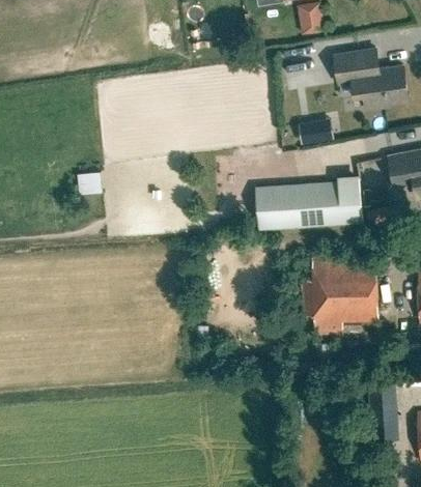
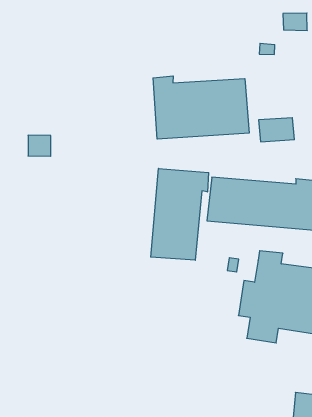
building: none -> [153,76,249,139]
building: none -> [151,168,209,260]

